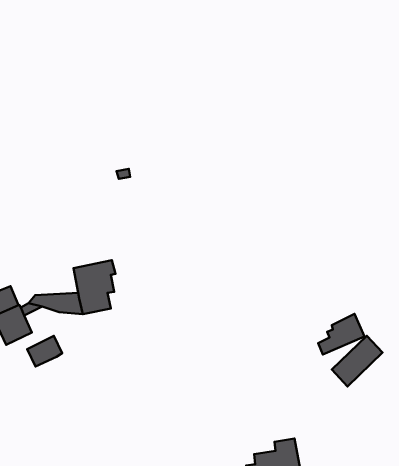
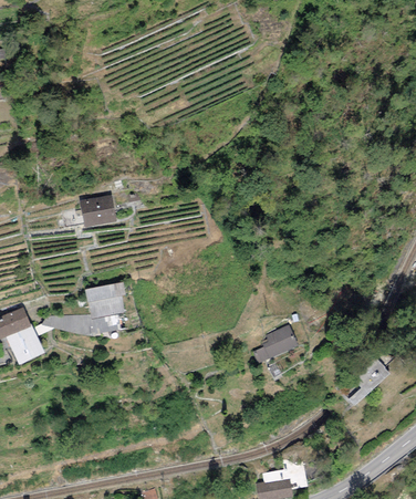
building: none -> [80,195,115,227]
building: [318,314,364,354] -> [252,324,298,364]
building: [27,336,62,366] -> none

